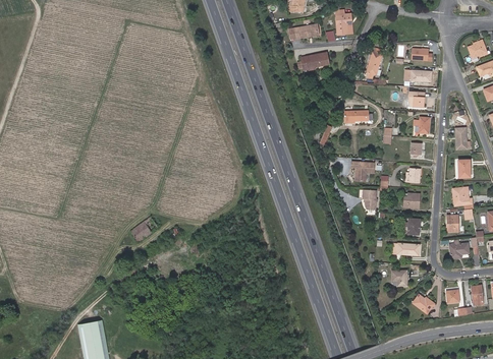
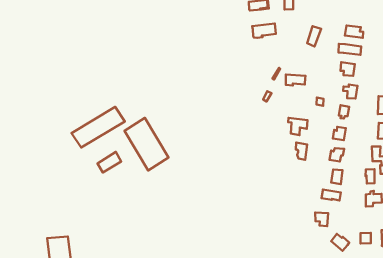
building: none -> [71,107,125,148]
building: none -> [124,118,168,171]

